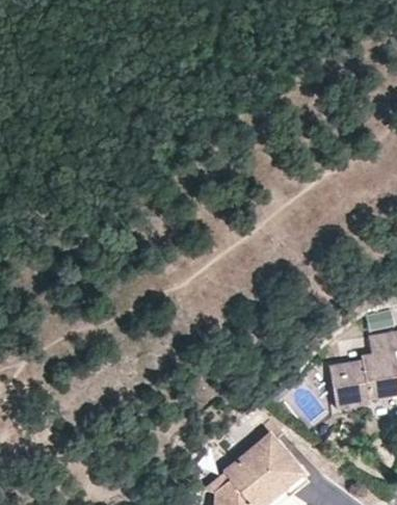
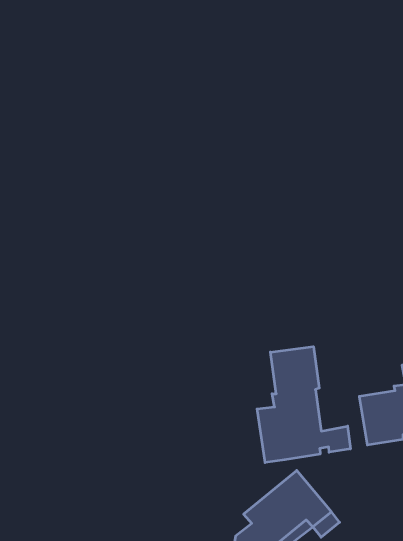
building: none -> [257,347,350,463]

